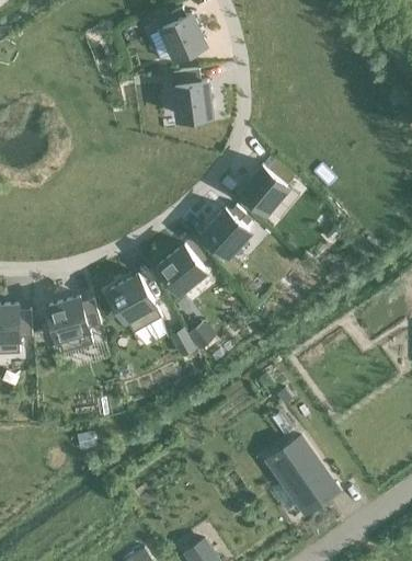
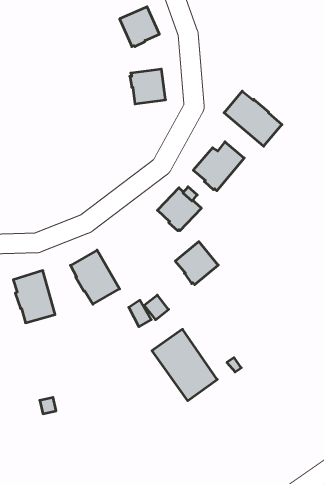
building: none -> [224,91,282,146]
building: [160,247,206,293] -> [175,242,218,285]
building: [268,438,339,515] -> [152,329,217,401]

